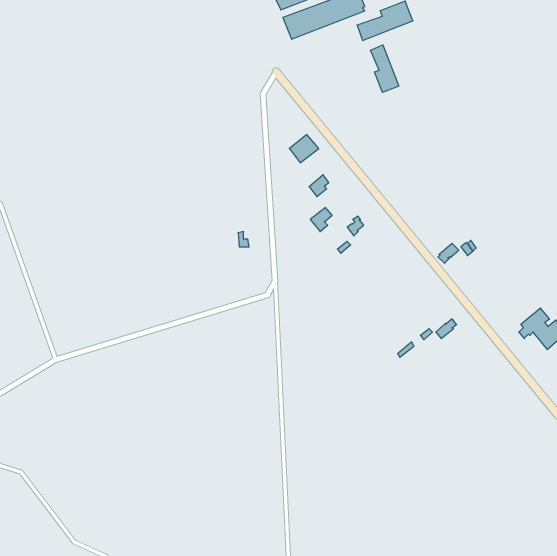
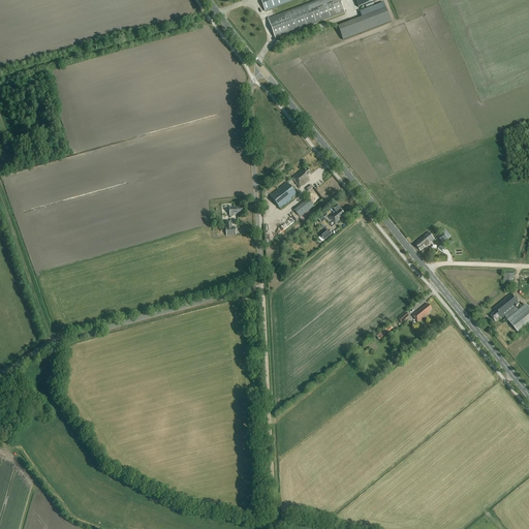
building: [370,45,399,92] -> none
building: [289,134,319,163] -> [271,181,299,208]

